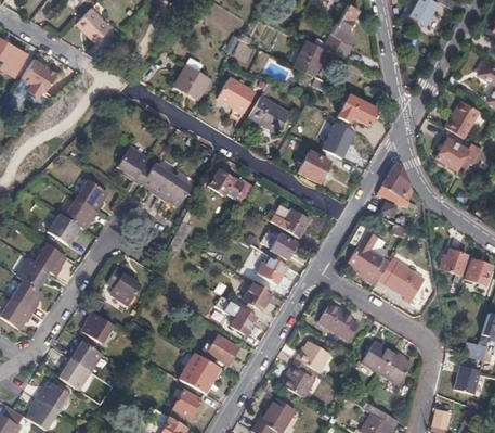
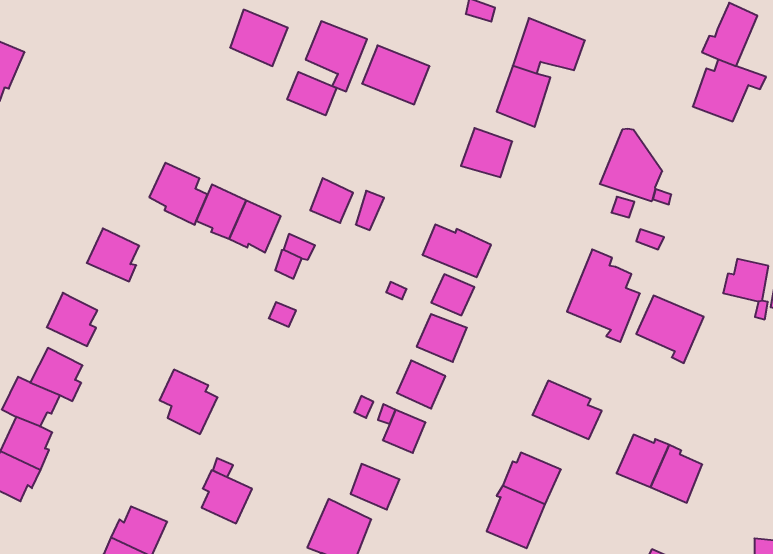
building: none -> [287,72,337,115]
building: [64,198,99,228] -> none
building: [82,310,113,343] -> [202,470,252,523]

